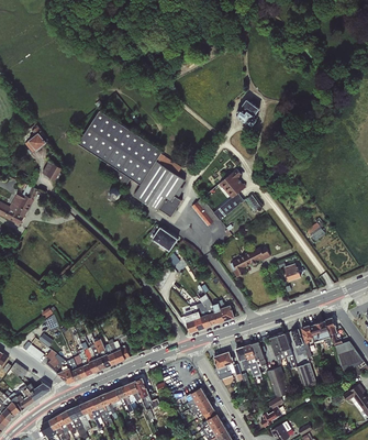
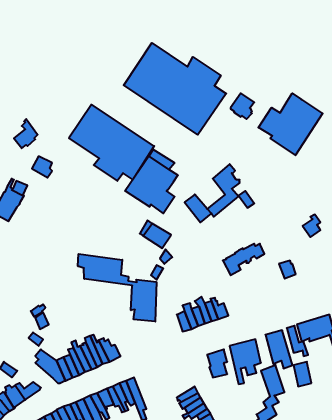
building: none -> [124,43,226,135]
building: none -> [258,93,323,155]
building: none -> [78,254,156,322]

